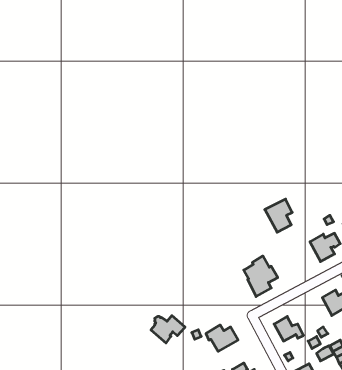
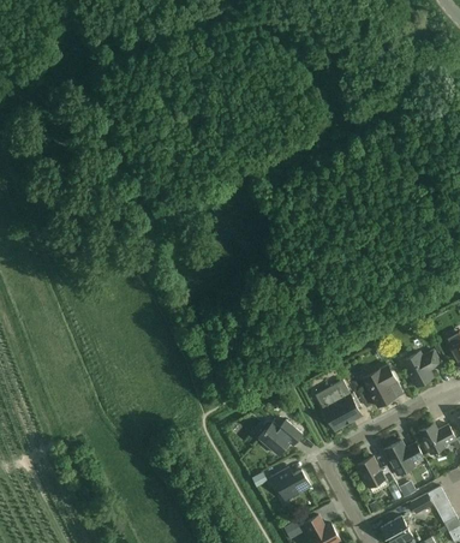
building: [265,199,292,232] -> [362,364,396,406]
building: none -> [384,440,423,475]
building: [151,316,185,343] -> [259,419,303,454]

